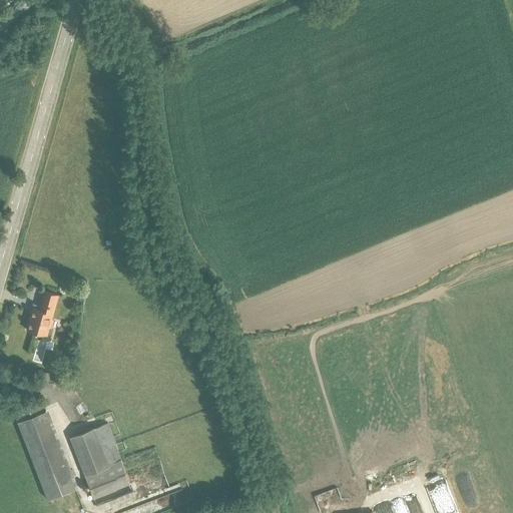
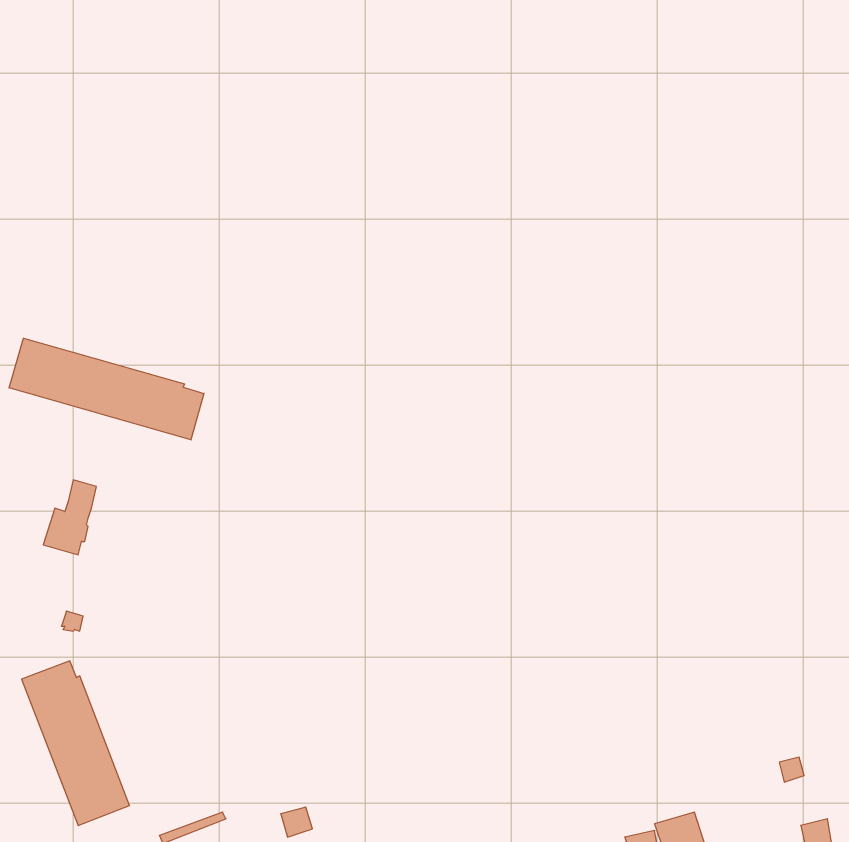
building: none -> [9,338,204,440]
building: [69,425,131,501] -> none

